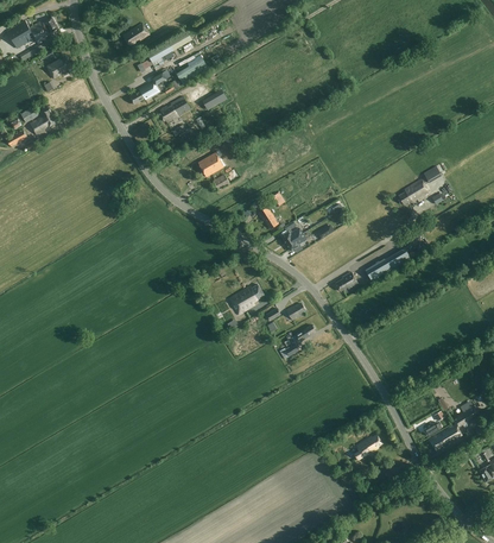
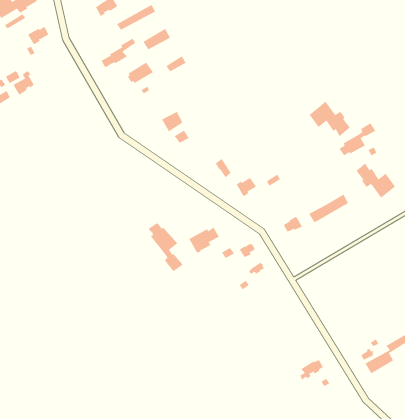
building: none -> [309,101,350,137]
building: none -> [356,162,396,199]
building: none -> [148,222,183,272]

